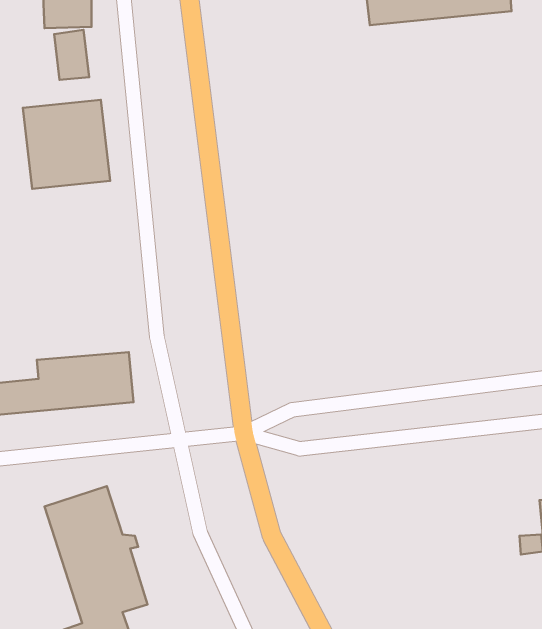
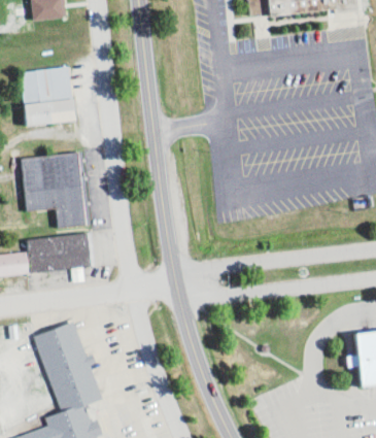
building: [54,30,89,80] -> none
building: none -> [20,153,86,229]

